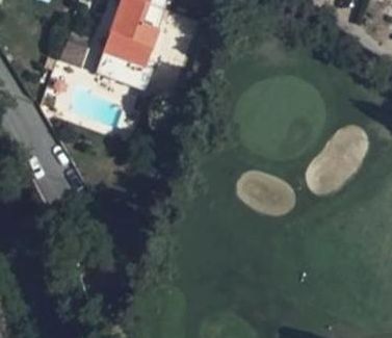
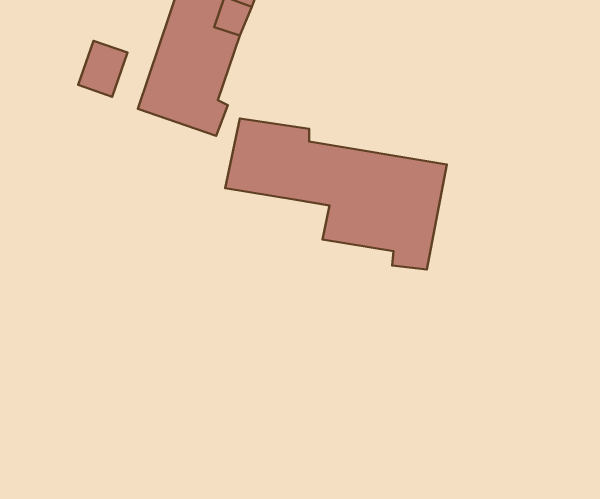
building: none -> [225,118,447,269]

